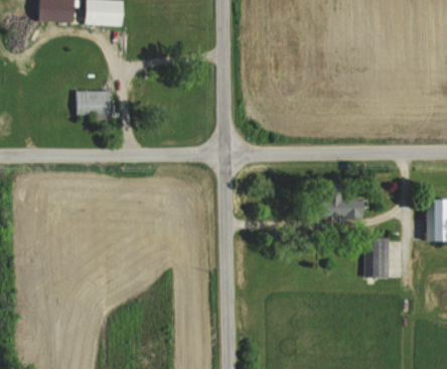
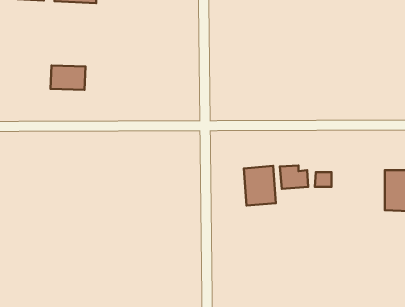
building: none -> [244,166,276,206]
building: [370,238,396,278] -> none

